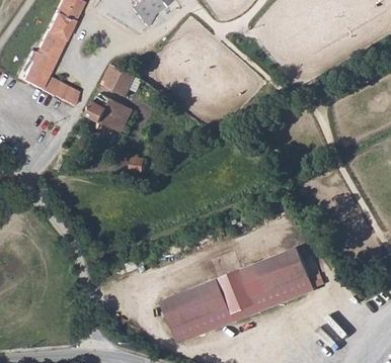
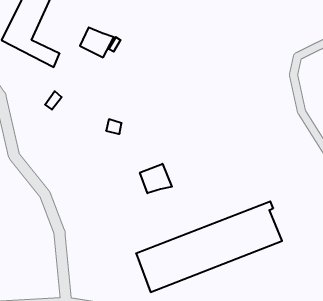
building: [84,97,135,132] -> none
building: none -> [140,164,172,193]

